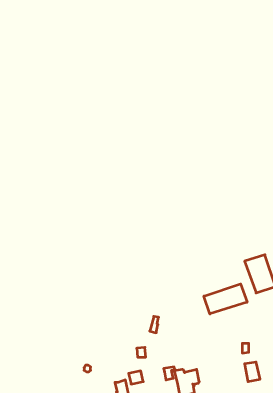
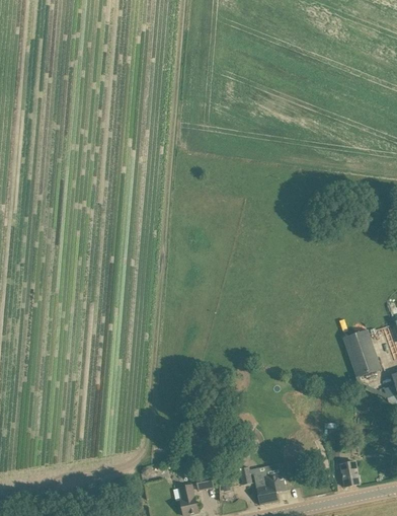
building: [204,284,247,314] -> none

